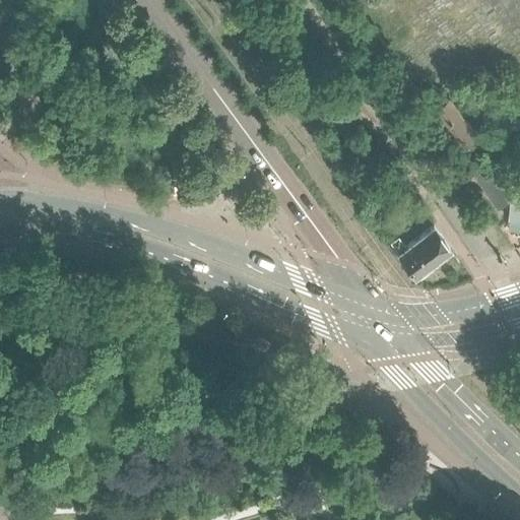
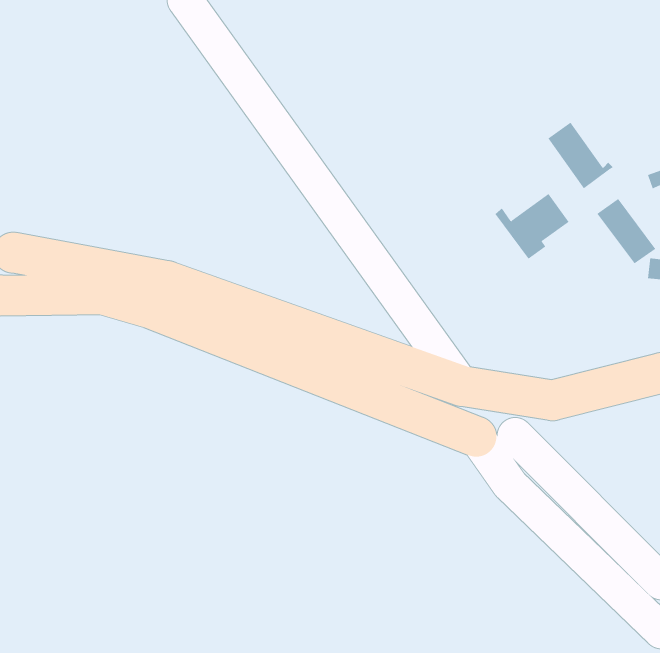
building: [392,233,451,284] -> [494,193,570,259]

